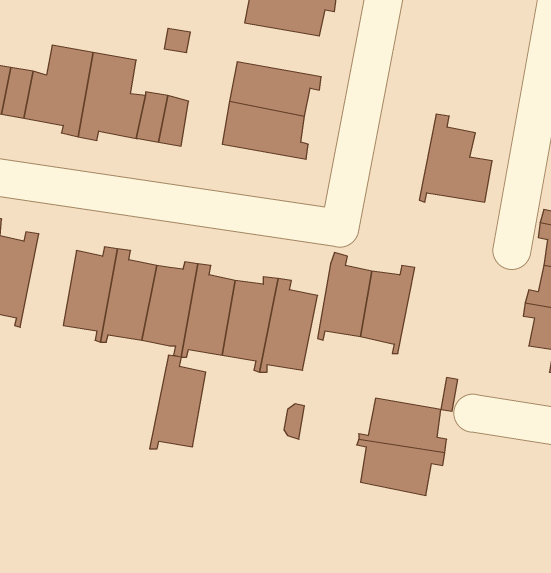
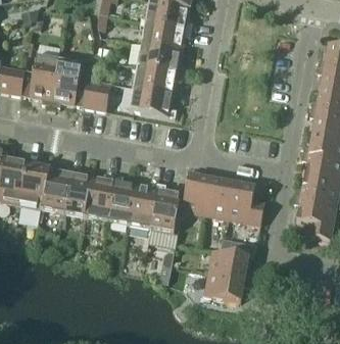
building: none -> [138,43,185,72]
building: [419,114,492,202] -> [226,177,265,225]
building: [150,355,206,449] -> [19,158,50,209]

